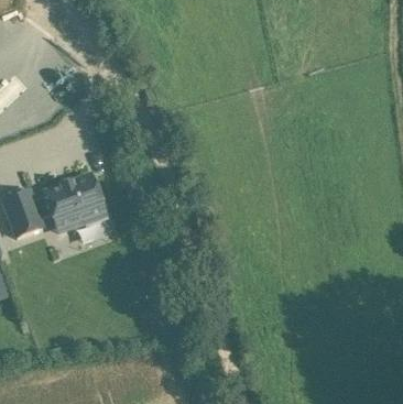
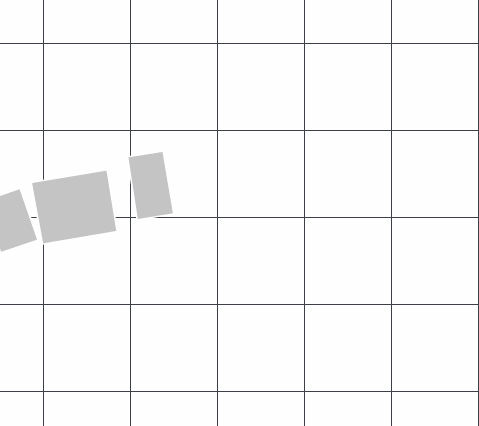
building: none -> [128,151,174,220]

